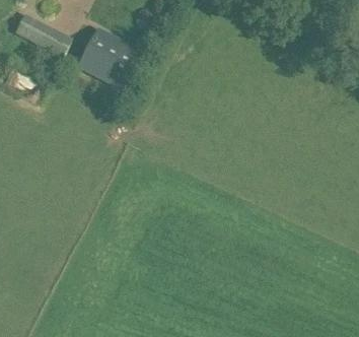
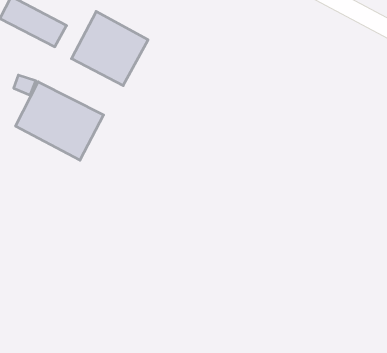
building: none -> [16,82,104,160]

